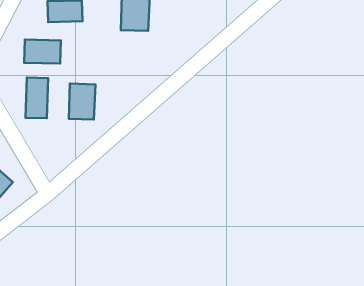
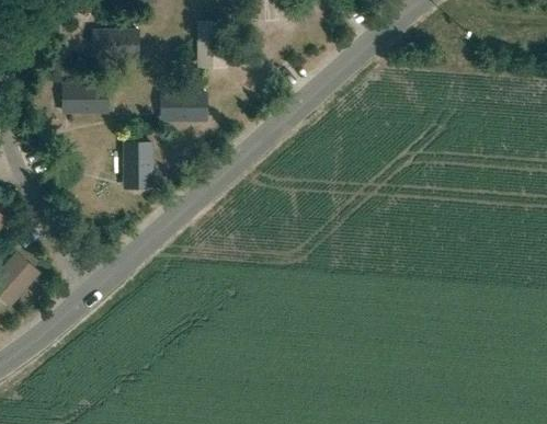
building: none -> [159,90,208,121]
building: [26,78,48,118] -> none

